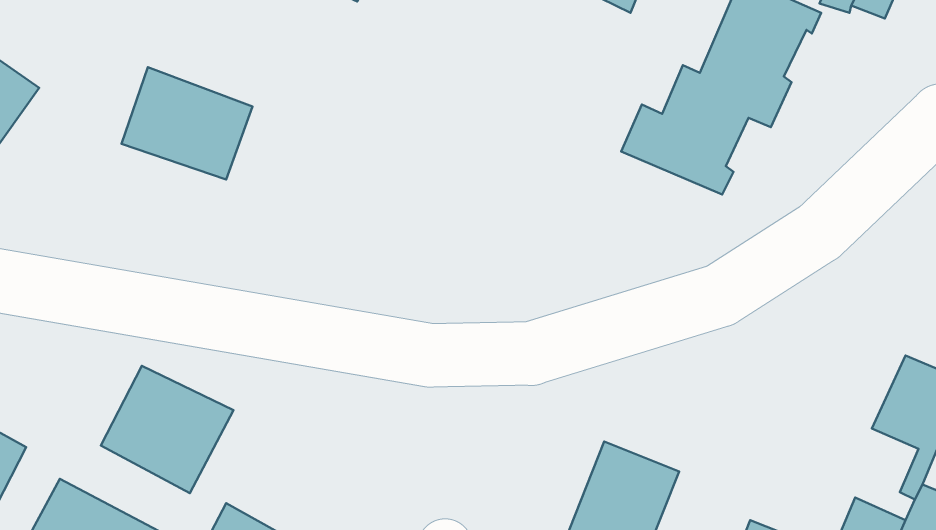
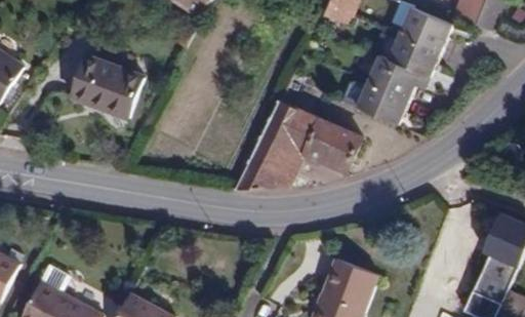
building: none -> [236,100,360,189]
building: [101,366,234,493] -> none

